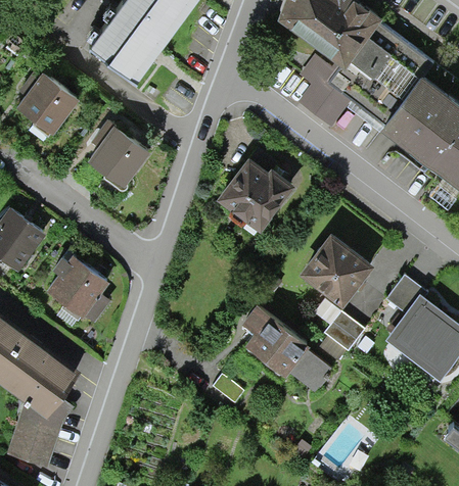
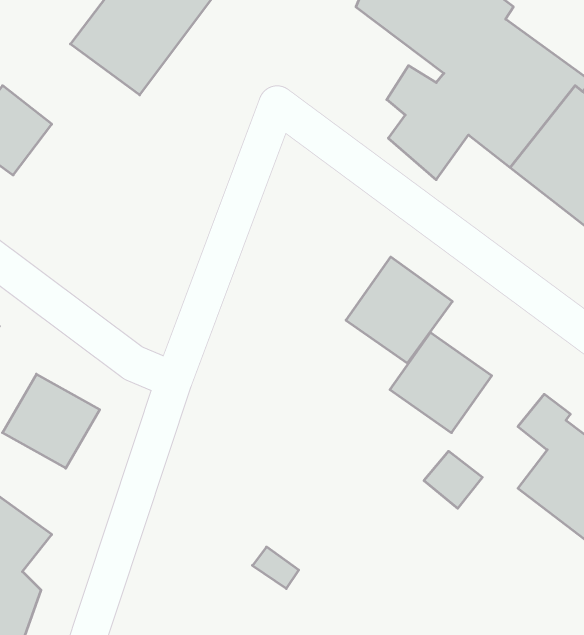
building: [90,126,150,184] -> none
building: [219,159,289,230] -> [346,257,452,363]
building: [242,306,330,392] -> none

